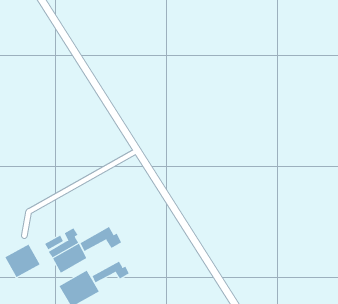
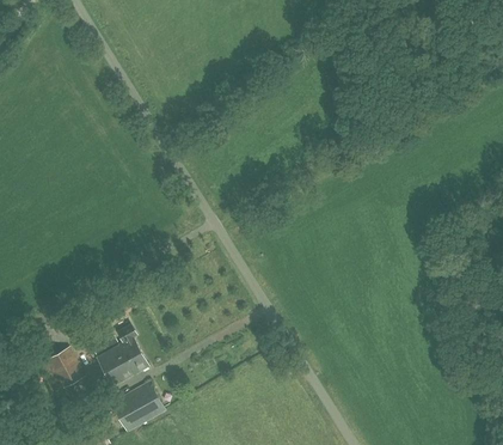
building: [80,226,122,252] -> none
building: [92,261,130,283] -> none

